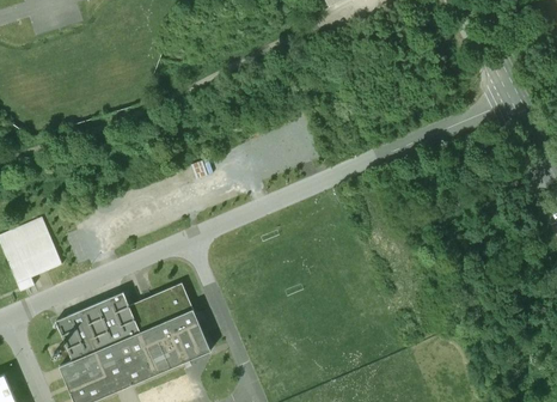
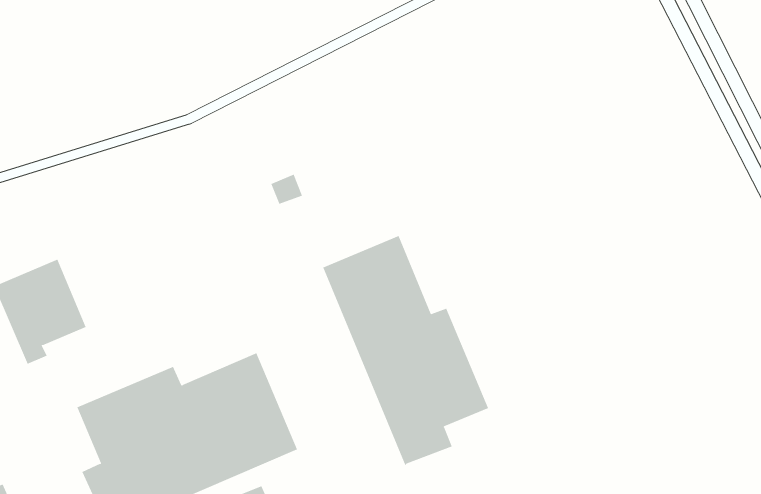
building: none -> [323,235,489,466]

